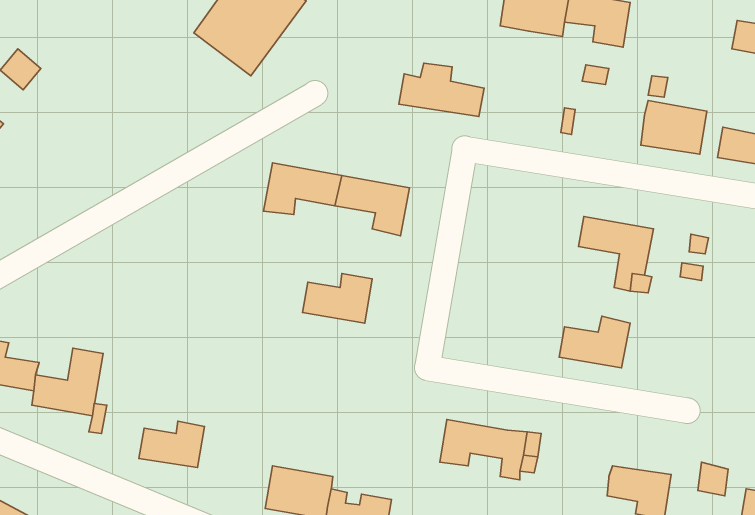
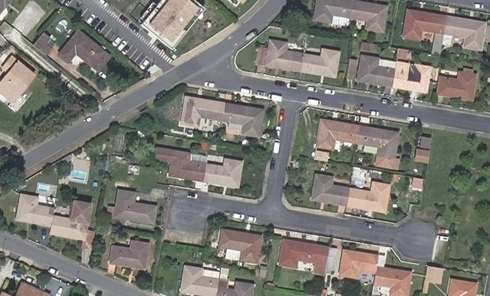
building: none -> [403,9,447,54]
building: none -> [60,30,104,65]
building: none -> [302,49,338,76]
building: none -> [358,55,397,86]
building: none -> [317,119,361,148]
building: none -> [156,147,207,180]
building: none -> [312,174,350,205]
building: none -> [107,190,156,222]
building: none -> [221,229,261,262]
building: none -> [341,250,378,276]

